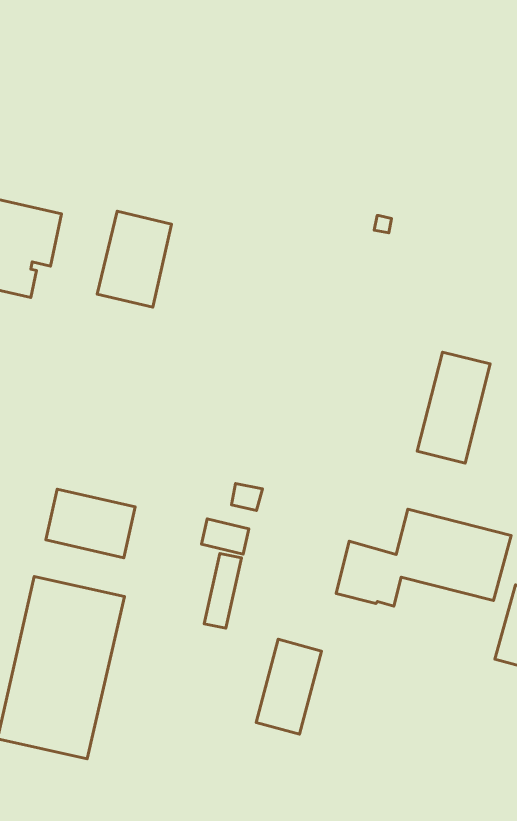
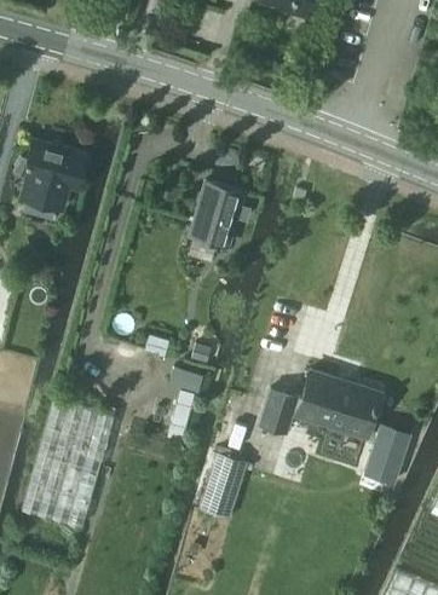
building: [97,211,171,307] -> [190,180,243,247]
building: [417,352,490,463] -> none
building: [46,489,135,558] -> none

